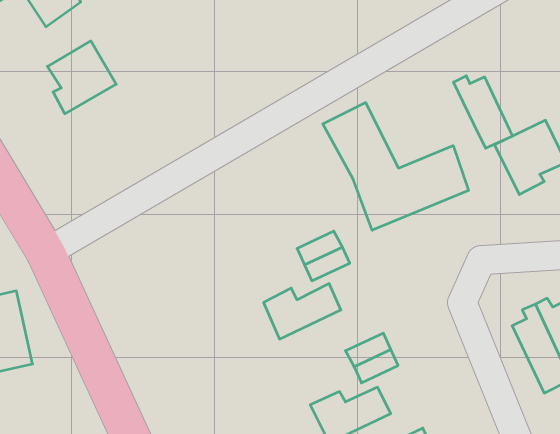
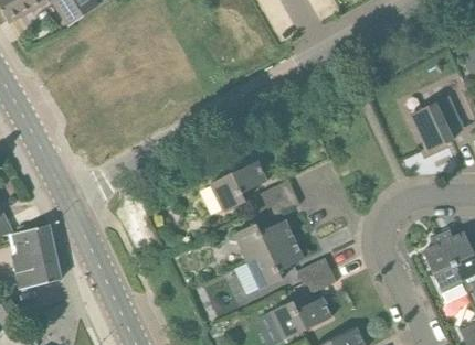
building: [47,41,116,114] -> none
building: [454,76,512,148] -> none
building: [323,103,469,230] -> none
building: none -> [210,161,266,212]
building: none -> [246,239,303,289]

